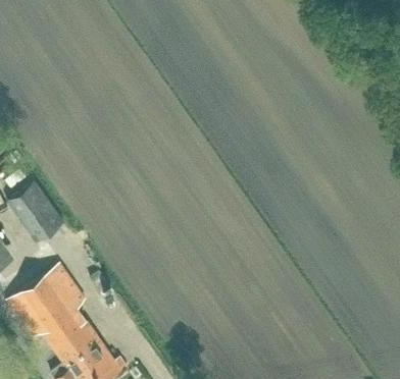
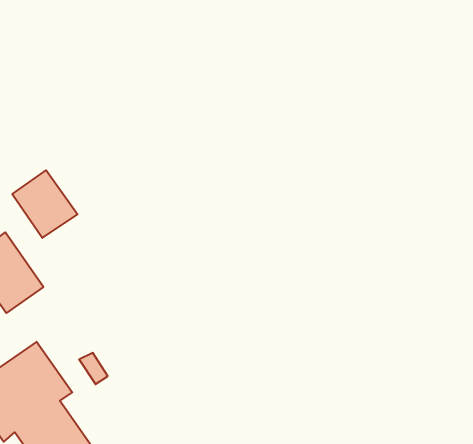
building: none -> [12,170,77,238]

